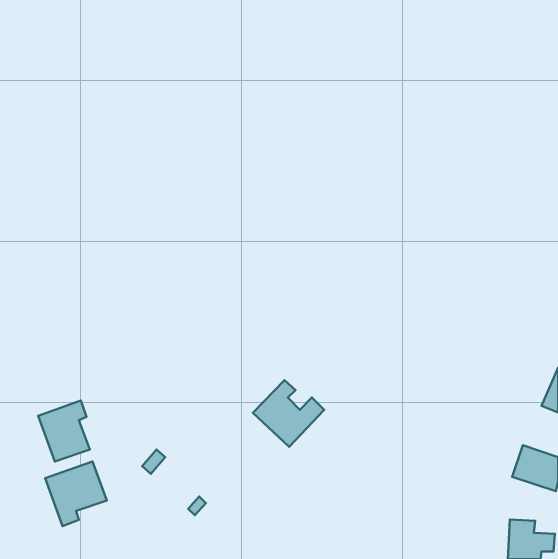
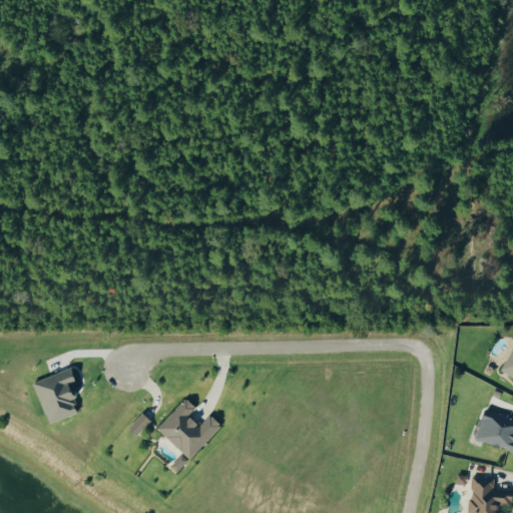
building: [253,380,324,447] -> [158,398,223,459]
building: [45,461,107,526] -> none

